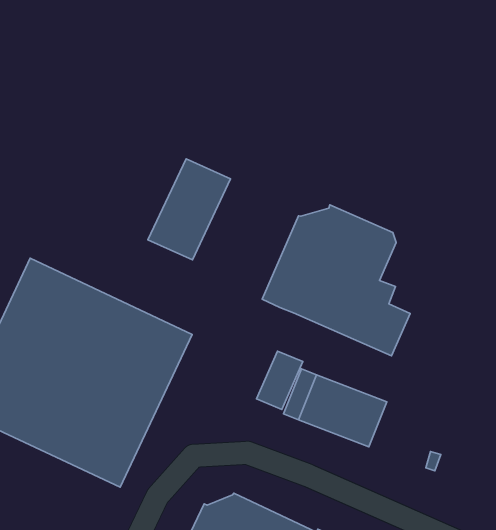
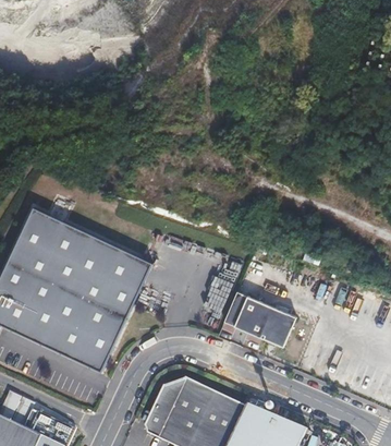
building: [148,159,231,260] -> none
building: [262,205,410,356] -> none

